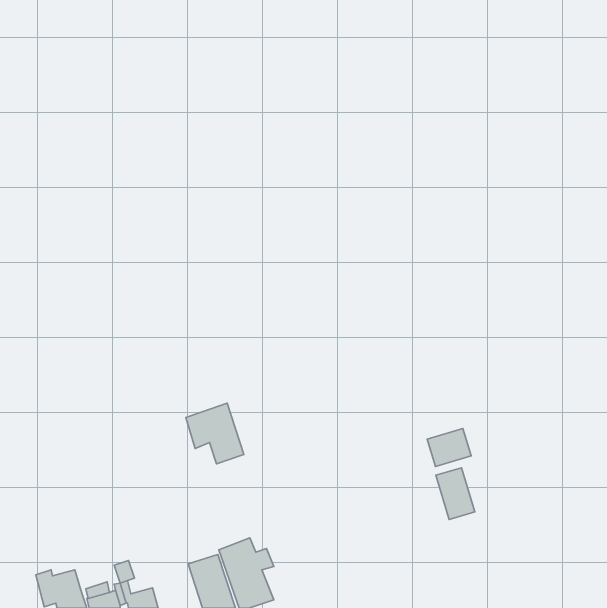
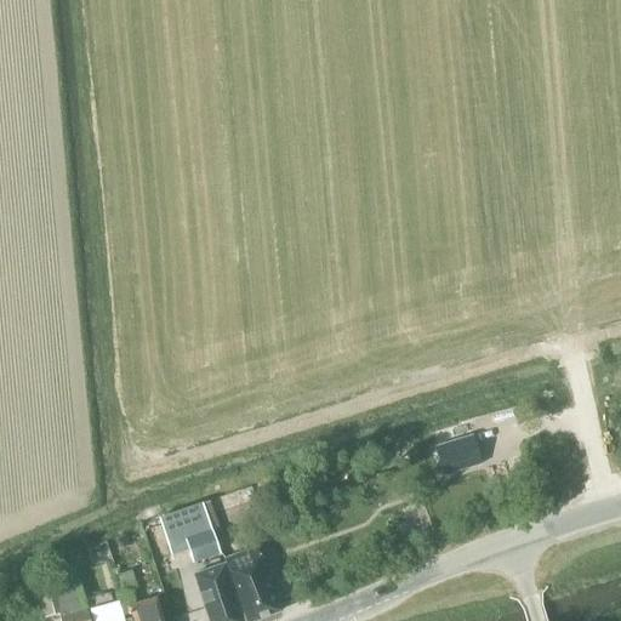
building: [186,403,244,464] -> [160,503,220,565]
building: [436,468,475,519] -> none

